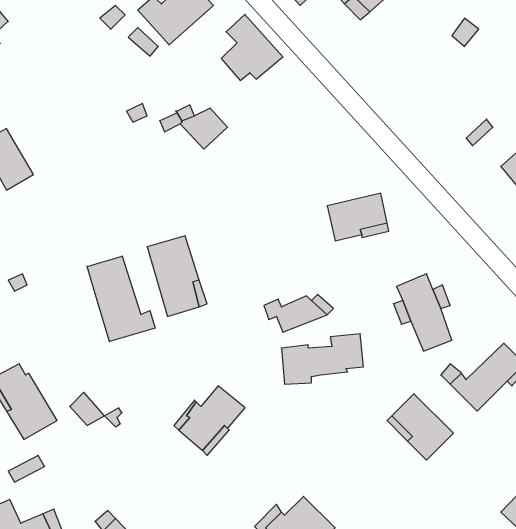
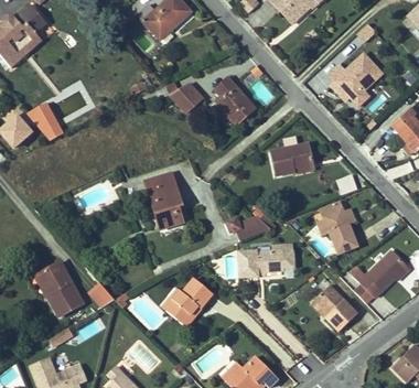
building: [221,14,283,81] -> [211,79,254,126]
building: none -> [322,50,384,111]
building: [87,256,155,342] -> none

